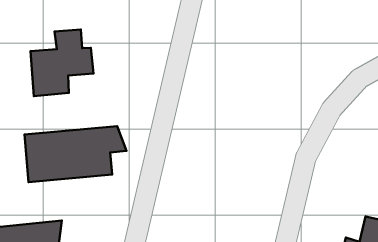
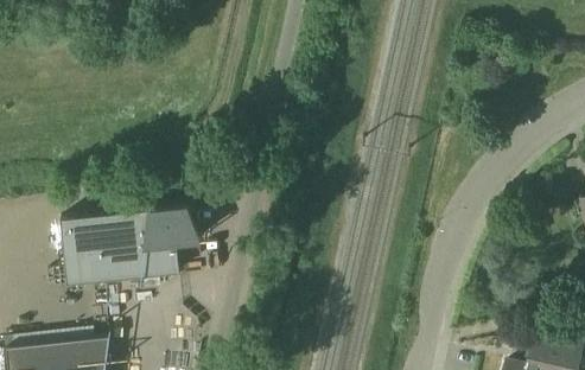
building: [31,30,93,96] -> none

